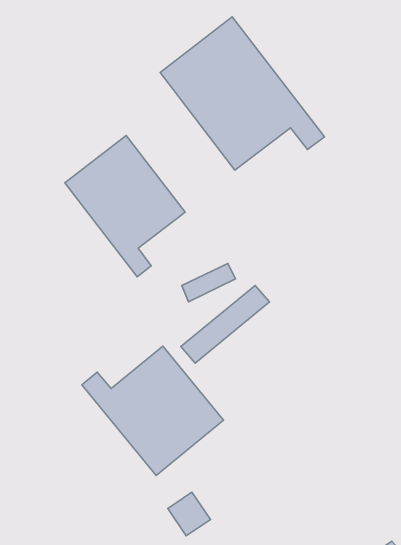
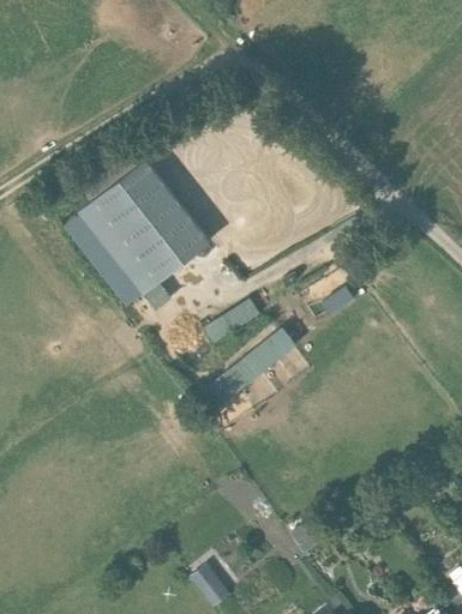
building: [160,17,324,170] -> none
building: [82,346,223,475] -> none

